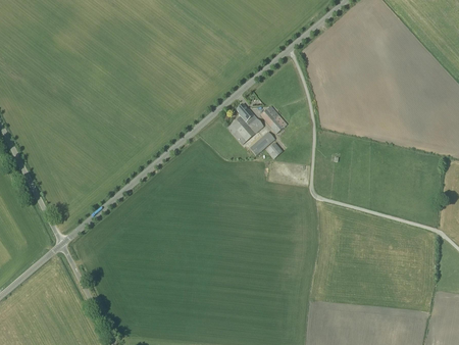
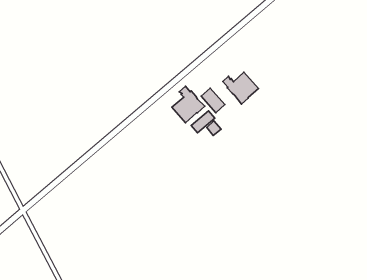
building: none -> [223,72,259,104]

